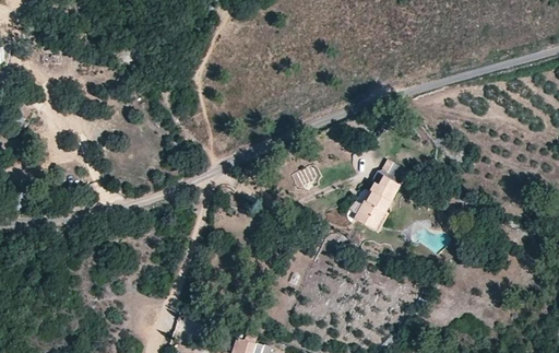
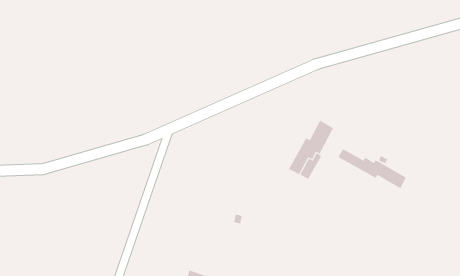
building: none -> [338,149,406,189]

